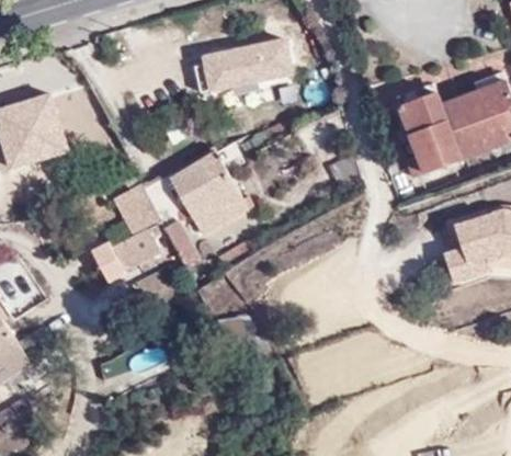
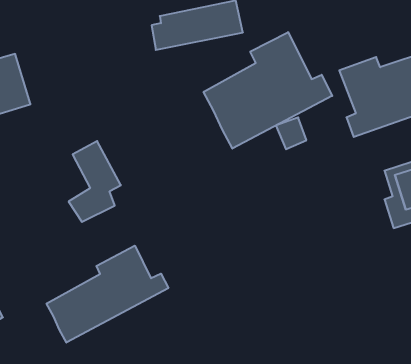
building: none -> [204,32,332,149]
building: [138,157,243,267] -> none
building: none -> [47,246,168,343]

